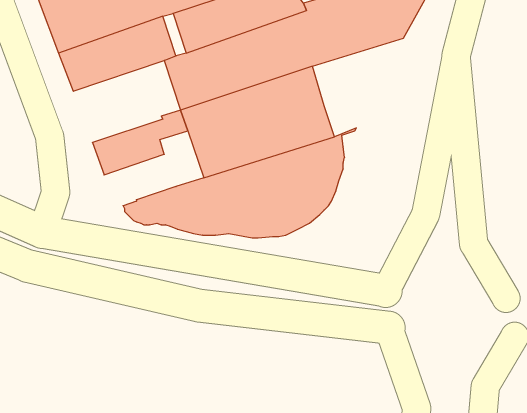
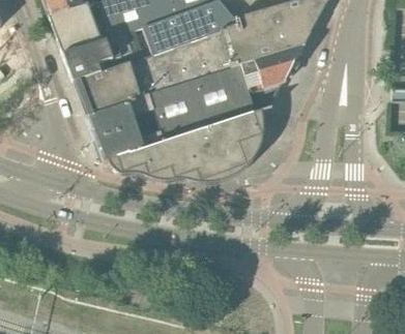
building: none -> [241,40,306,88]
building: none -> [73,56,148,114]
building: none -> [94,122,145,160]

